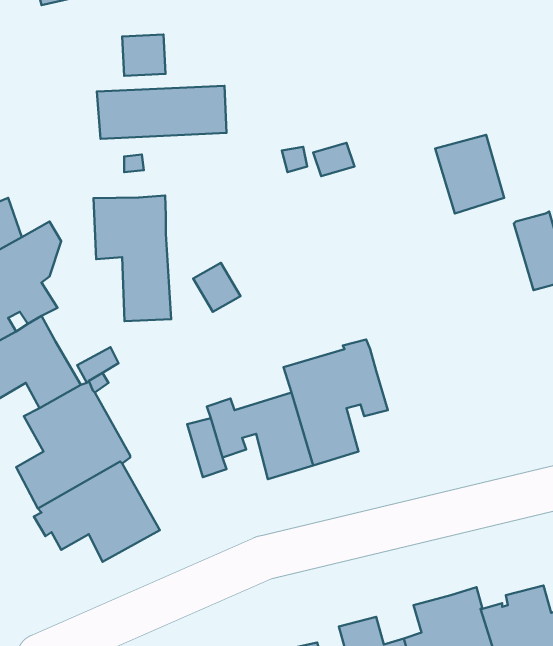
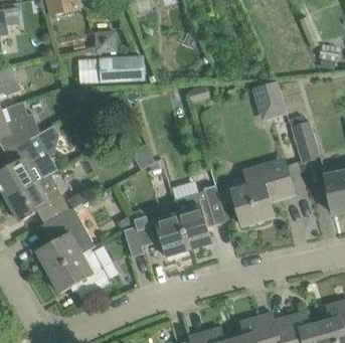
building: [94,195,171,321] -> none
building: none -> [217,159,294,225]

